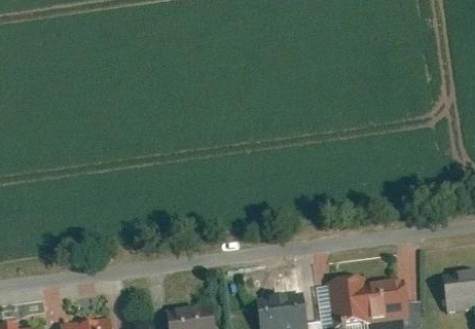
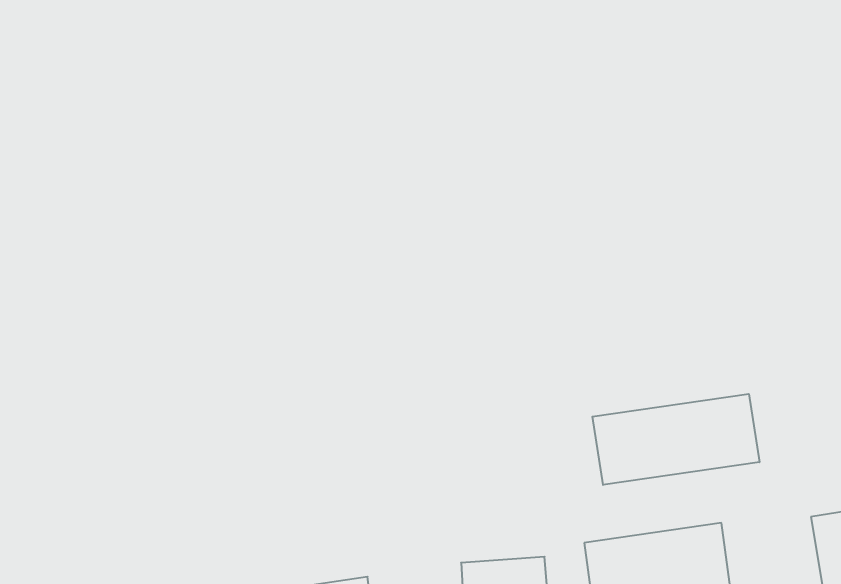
building: none -> [592,394,759,485]

